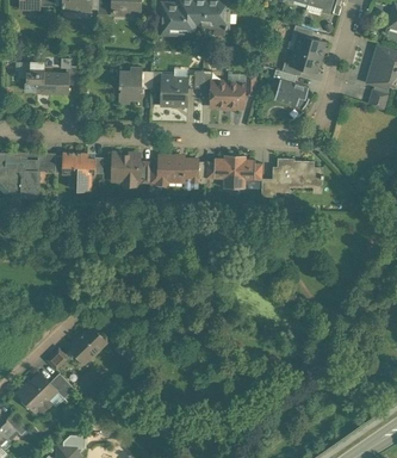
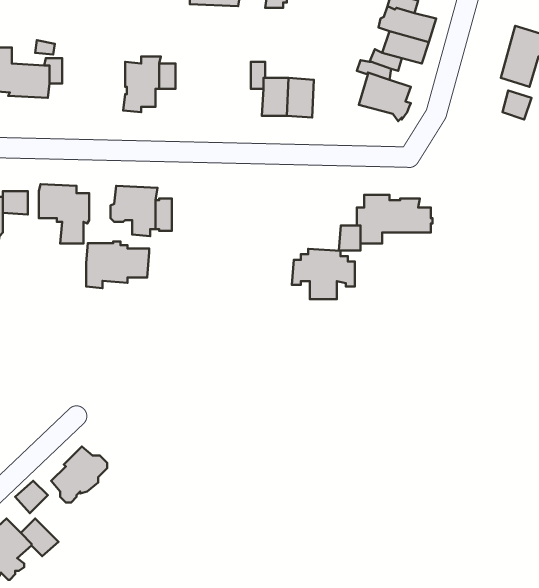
building: [160,75,187,105] -> none
building: [156,154,198,185] -> [86,241,149,288]
building: [212,154,254,187] -> [292,249,355,299]

